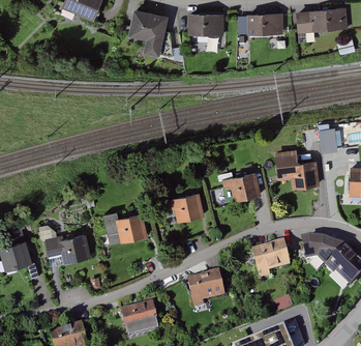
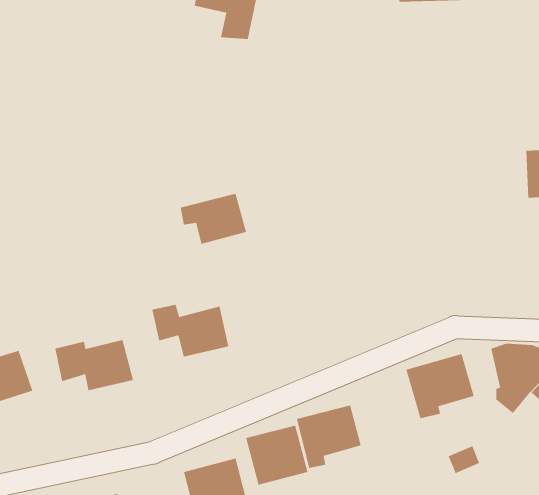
building: [275,148,320,189] -> none
building: [222,171,261,200] -> none
building: [166,191,205,221] -> [180,193,247,244]
building: none -> [245,425,308,486]

